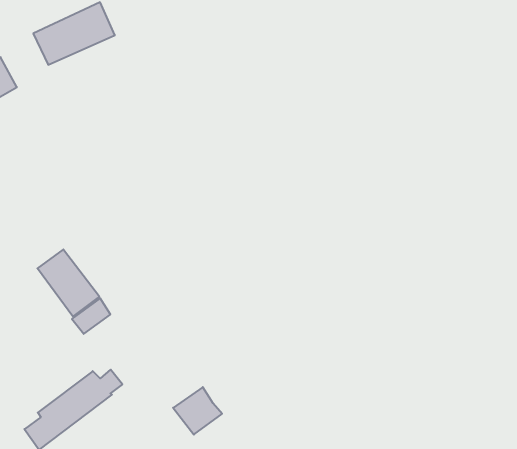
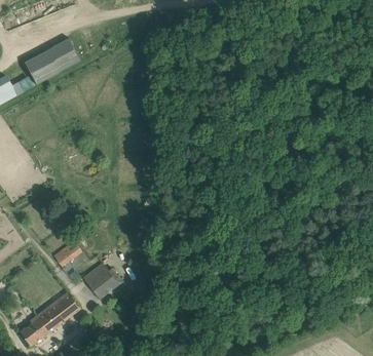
building: [37,249,99,316] -> none
building: [173,387,222,435] -> [81,264,115,296]

